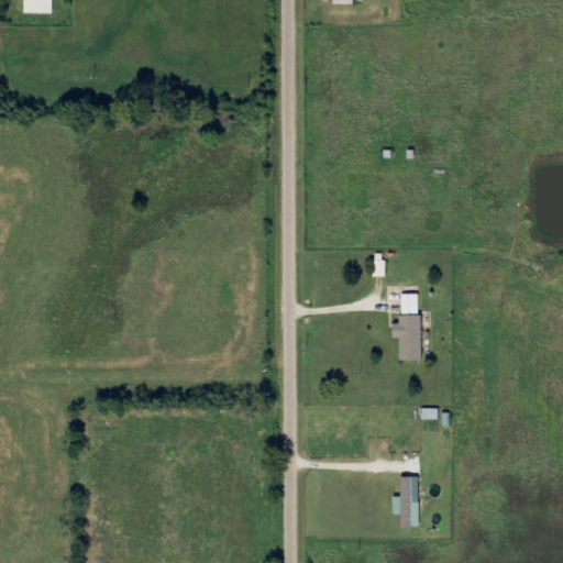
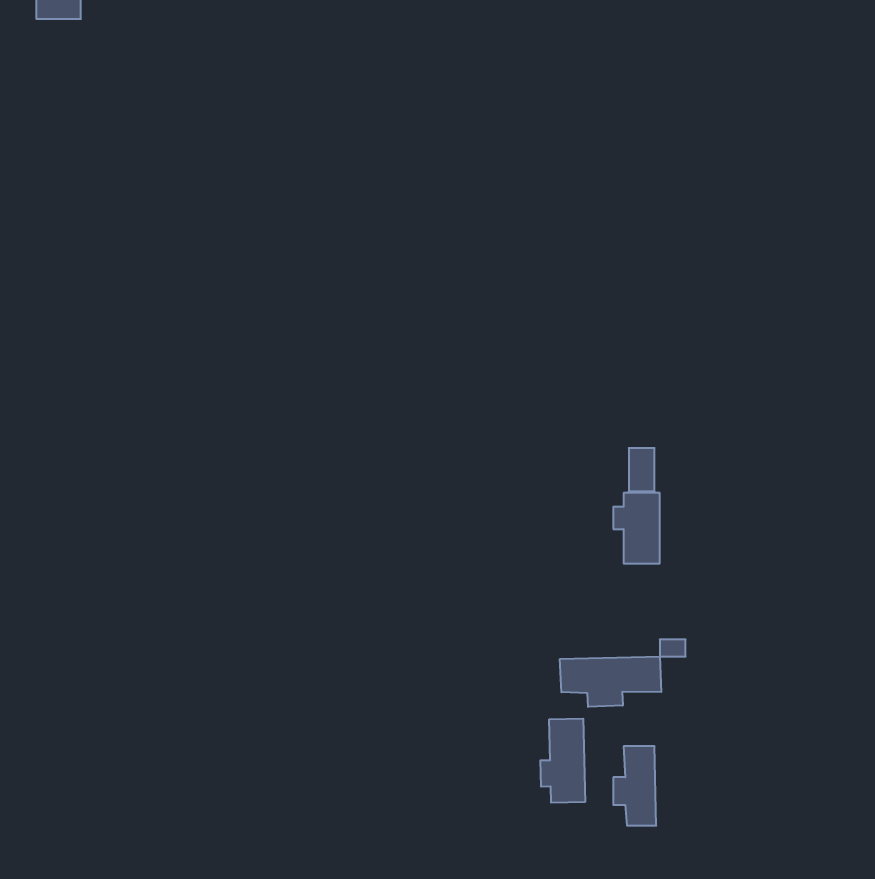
building: none -> [560,657,661,707]
building: none -> [540,719,585,803]

